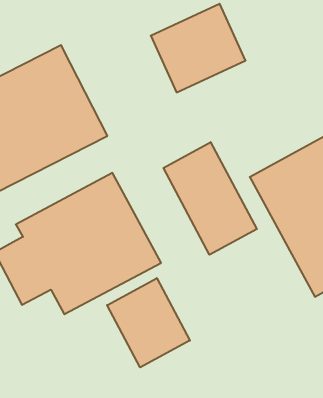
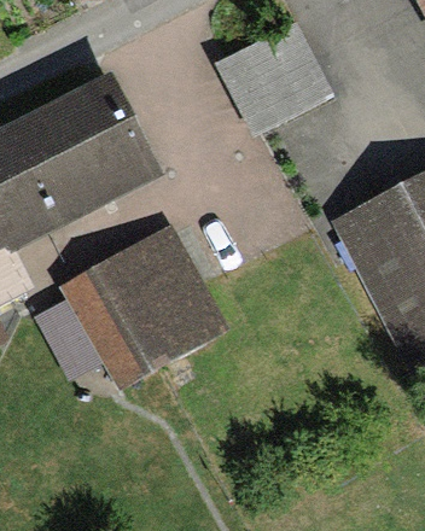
building: [163,142,257,255] -> none
building: [107,278,190,367] -> none

